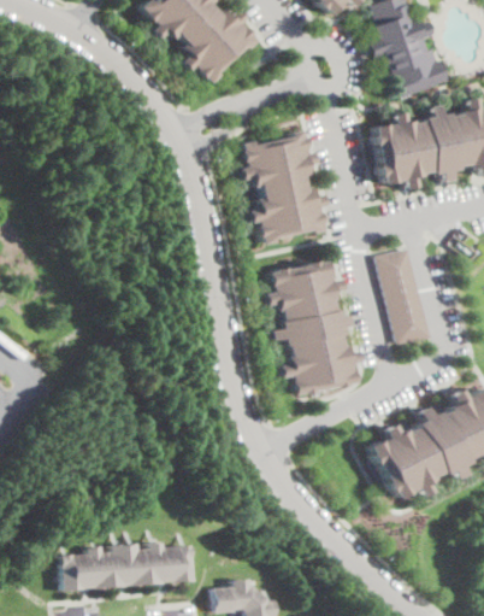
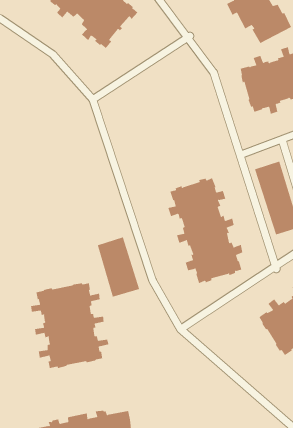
building: [240,130,326,245] -> none
building: none -> [97,236,140,297]
building: none -> [30,282,109,369]

